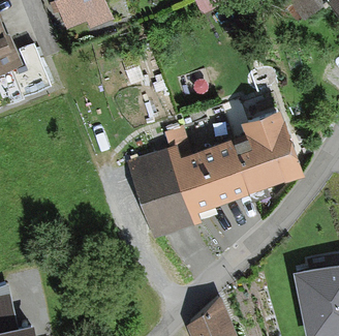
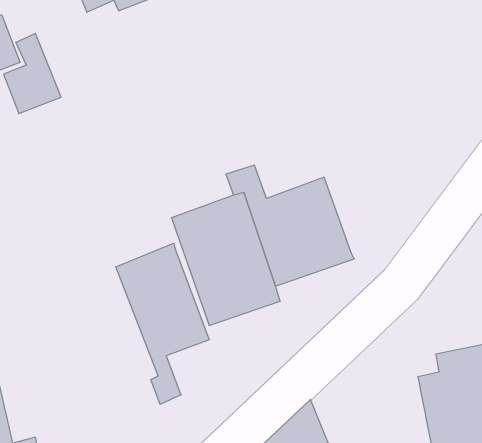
building: [229,112,303,193] -> none
building: none -> [116,243,209,404]

